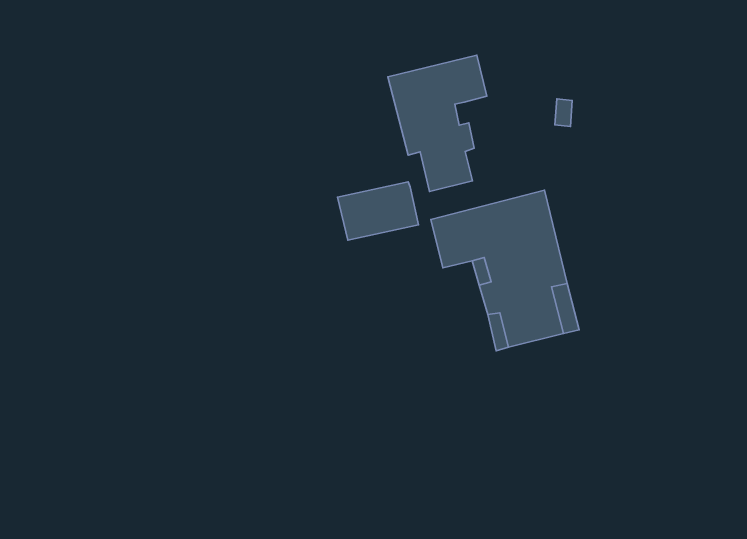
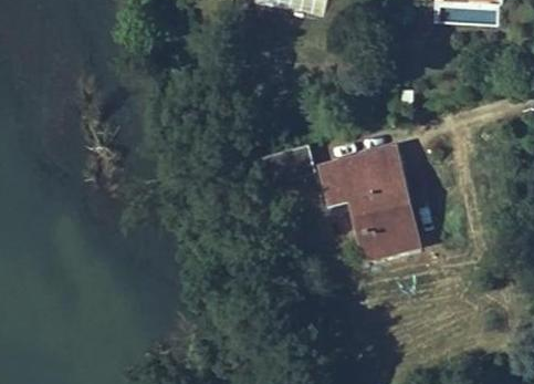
building: [388,55,487,192] -> none

